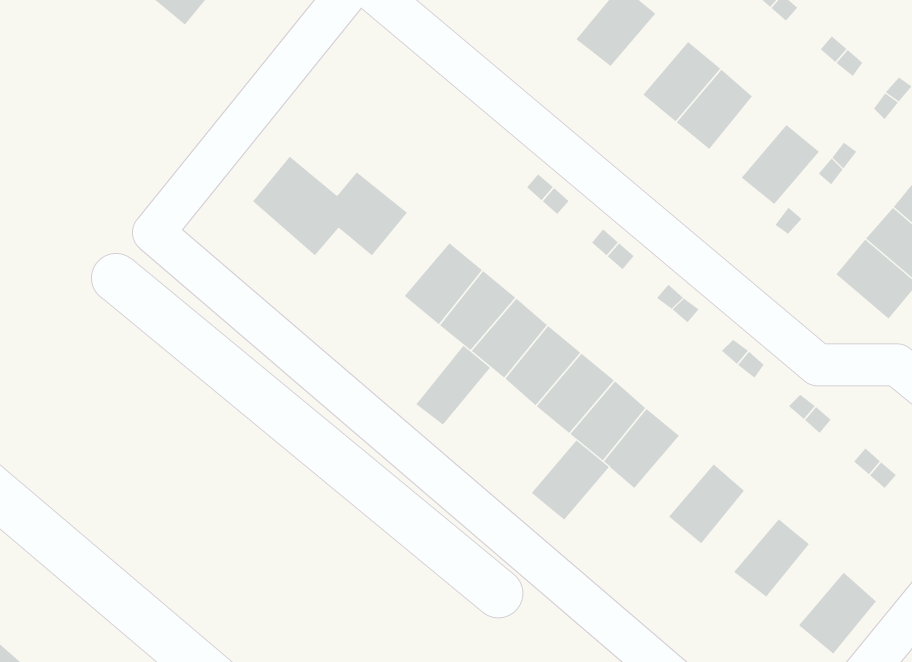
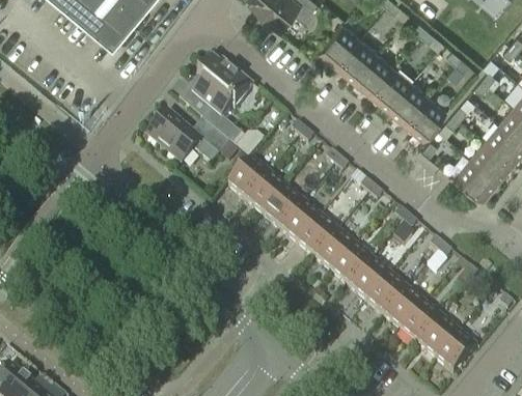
building: none -> [337,38,378,81]
building: none -> [186,60,254,148]
building: none -> [389,82,430,124]
building: [415,345,491,425] -> none
building: [531,440,610,521] -> [350,260,391,303]
building: none -> [385,289,425,332]
building: none -> [419,317,460,360]

